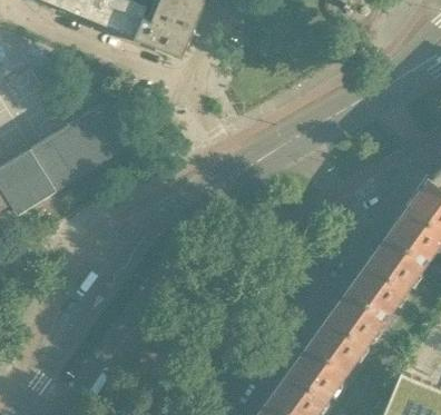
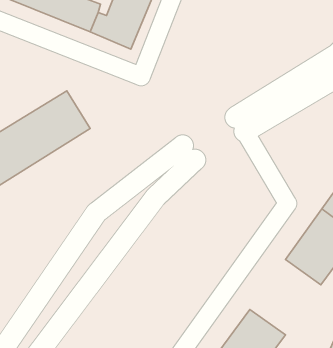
building: [308,287,386,369] -> none

